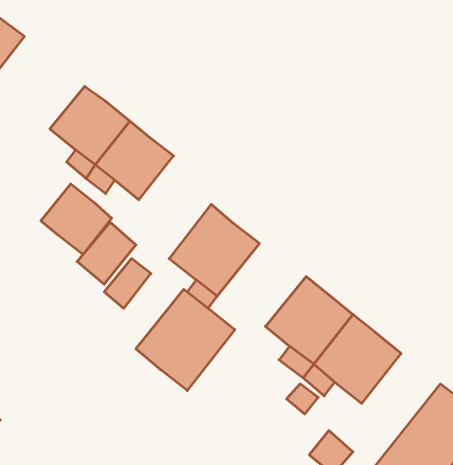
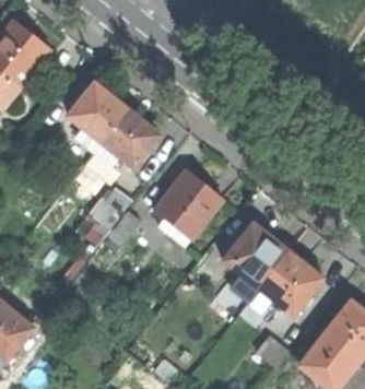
building: [41,184,112,255] -> none
building: [136,289,235,391] -> none

